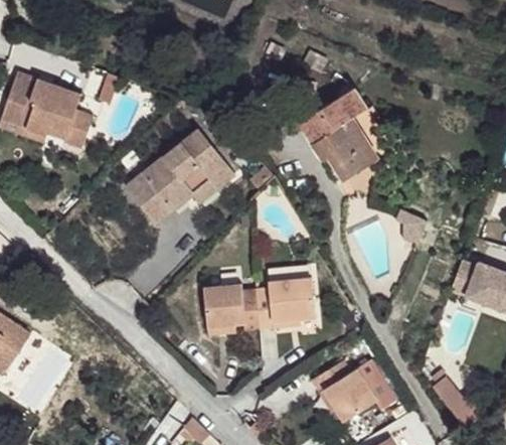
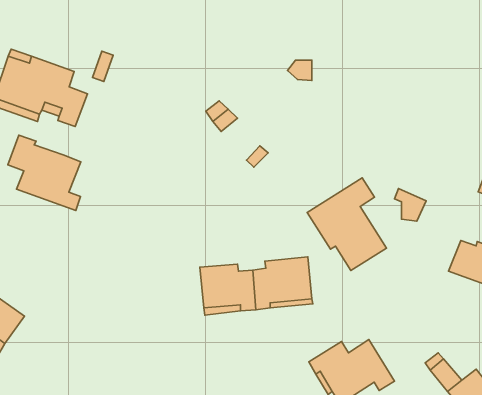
building: [300,88,378,179] -> [307,178,387,271]
building: [126,130,234,224] -> none
building: none -> [8,135,81,210]

